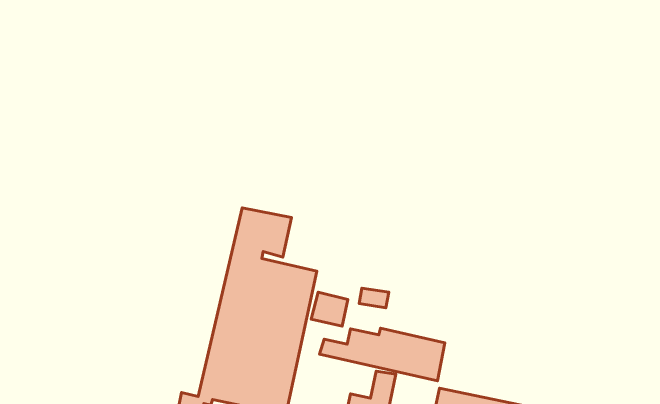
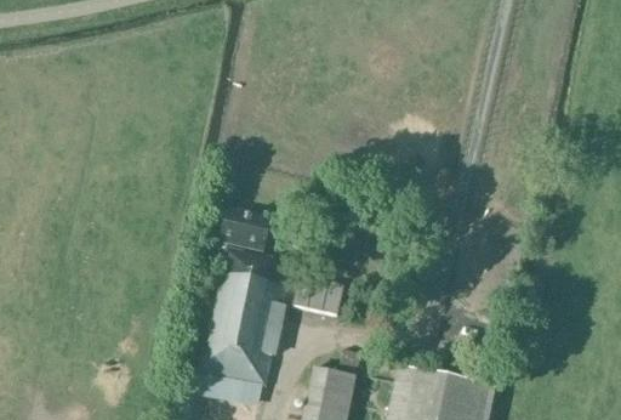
building: [320,328,445,381] -> none

